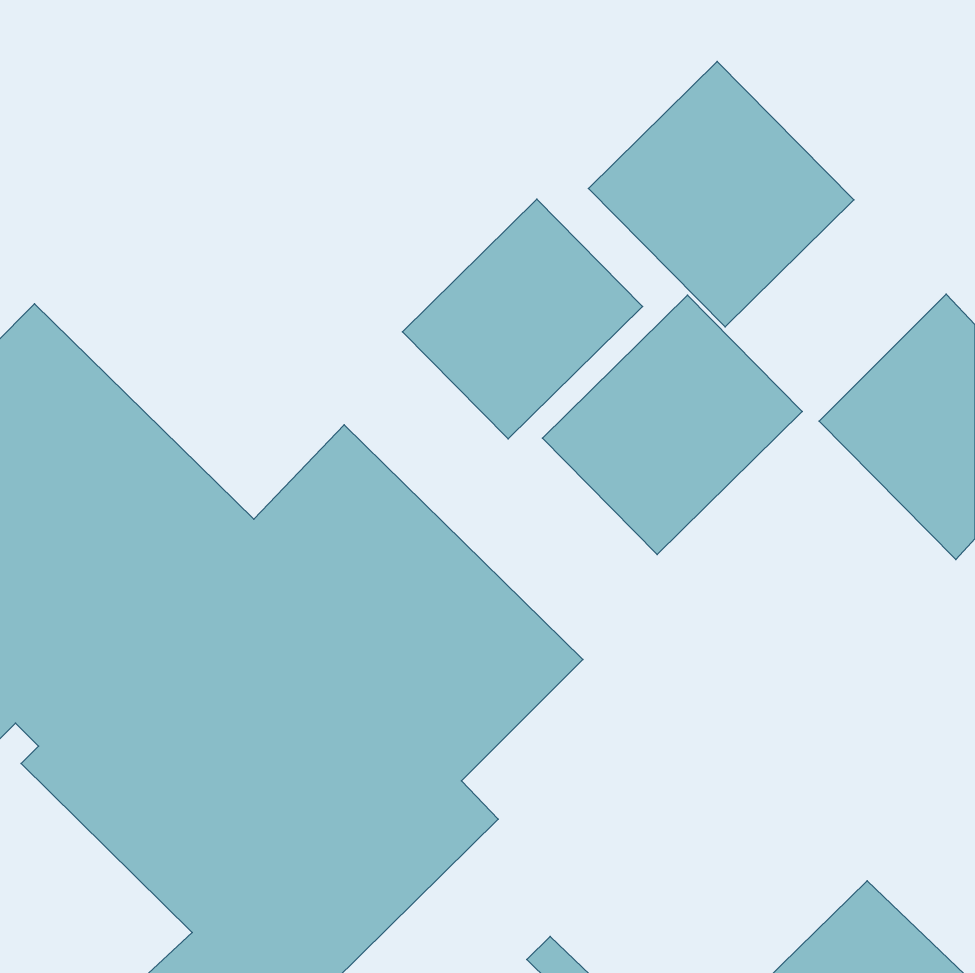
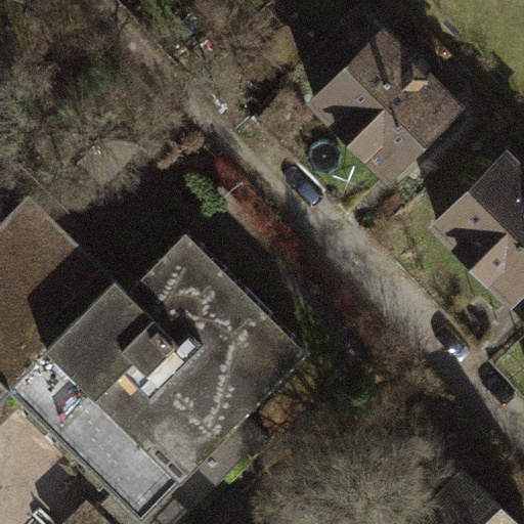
building: [402,199,643,439] -> none
building: [542,295,802,554] -> none

